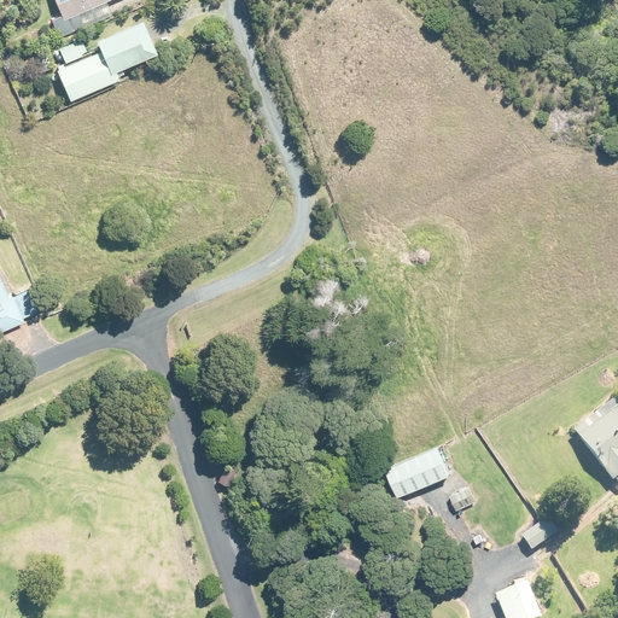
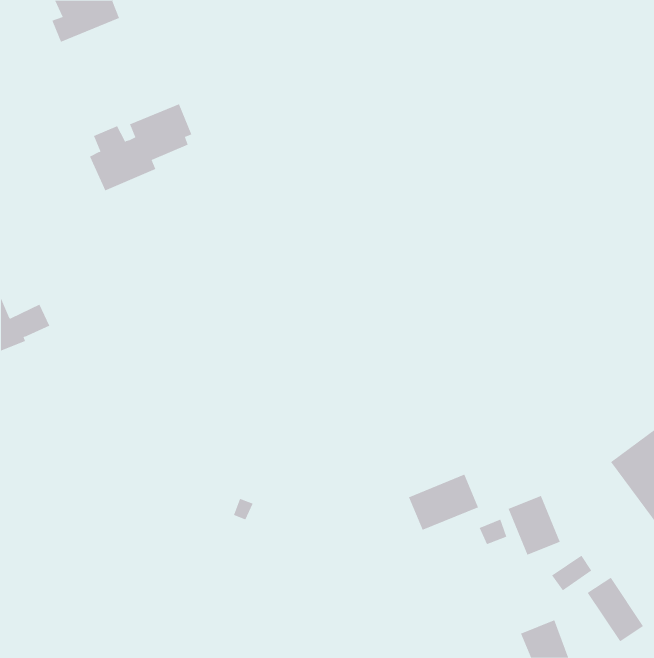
building: [57,18,153,100] -> [89,104,192,191]
building: none -> [508,495,561,556]
building: none -> [587,577,644,642]

